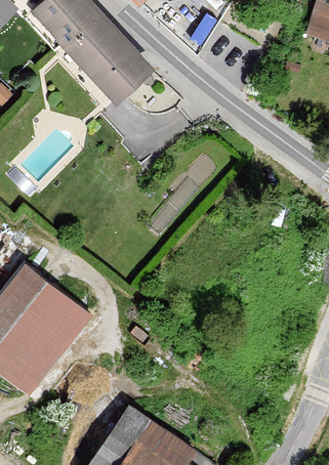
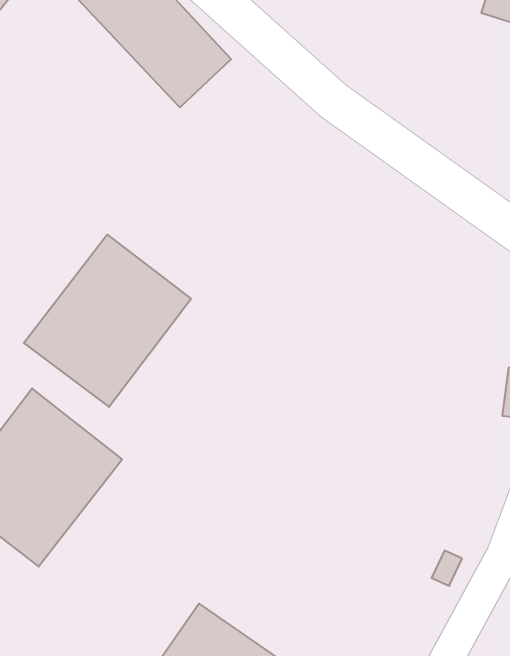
building: none -> [24,235,191,407]

